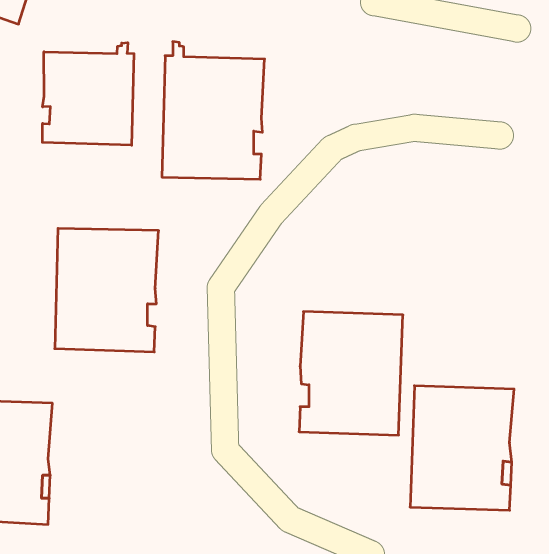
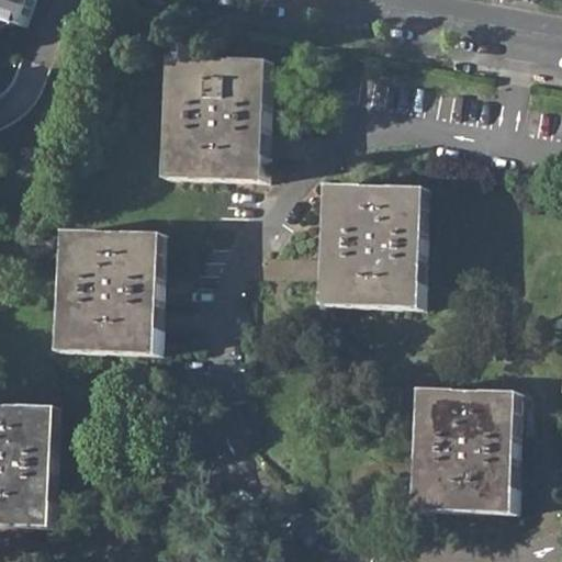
building: [42,43,134,145] -> none
building: [299,312,403,435] -> [318,183,423,307]

